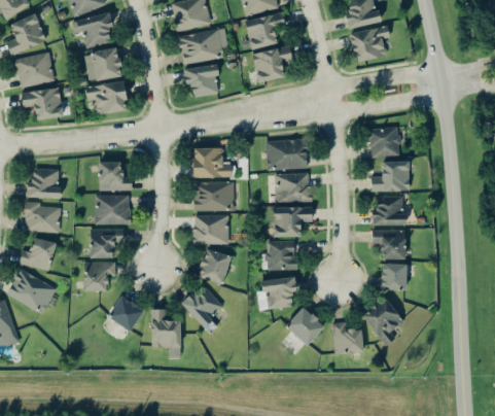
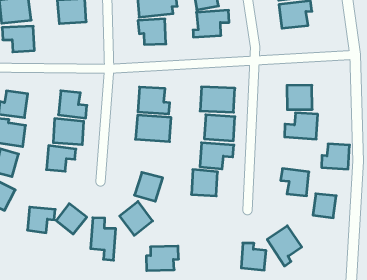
building: [85,81,128,114] -> none
building: [372,196,404,226] -> [322,144,350,169]
building: [193,215,229,245] -> none
building: [84,263,115,291] -> [27,207,55,233]
building: [381,264,406,290] -> [313,194,336,218]
building: [257,277,296,310] -> [146,246,179,271]
building: [285,307,325,346] -> none

